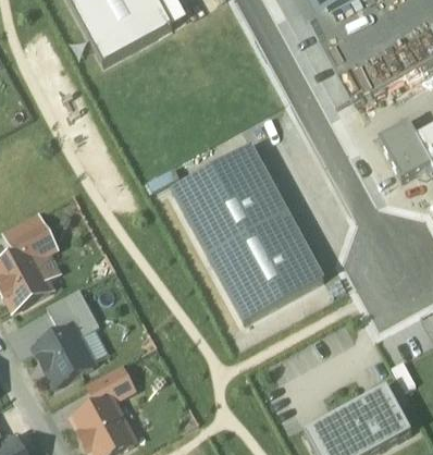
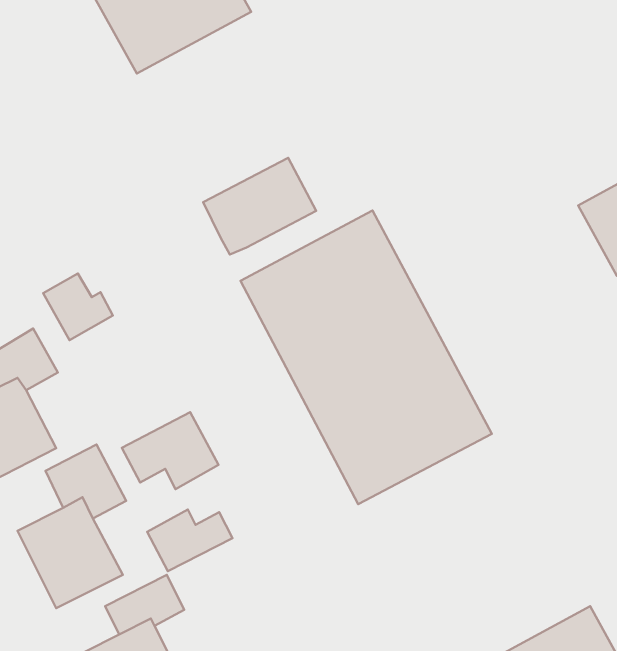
building: none -> [203,158,316,254]
building: none -> [43,273,113,340]
building: none -> [122,412,218,489]
building: none -> [147,510,232,571]

